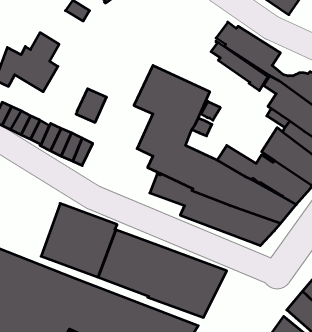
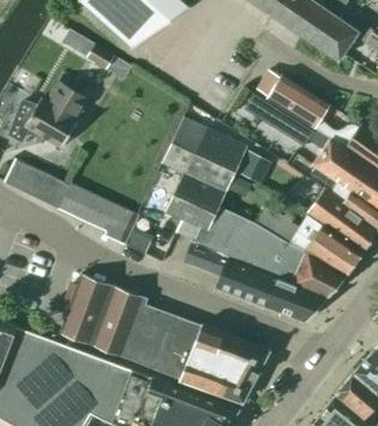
building: [76,89,107,122] -> [105,206,139,244]

